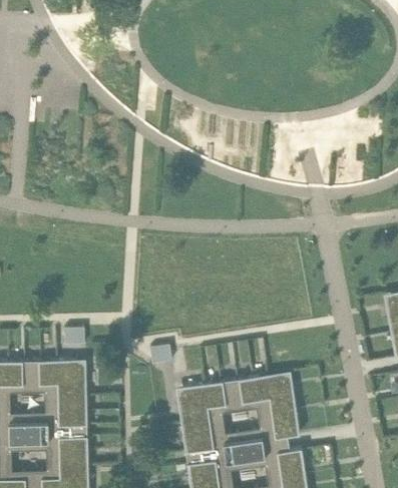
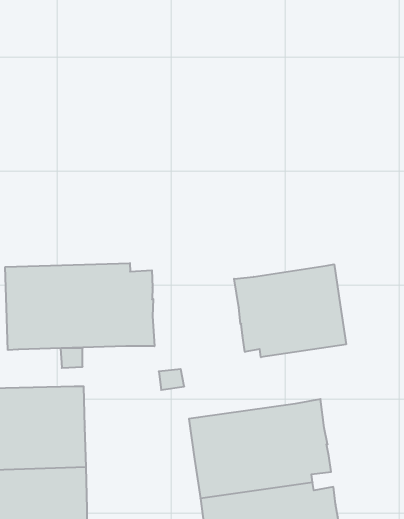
building: none -> [5,263,154,350]
building: none -> [234,264,346,357]

